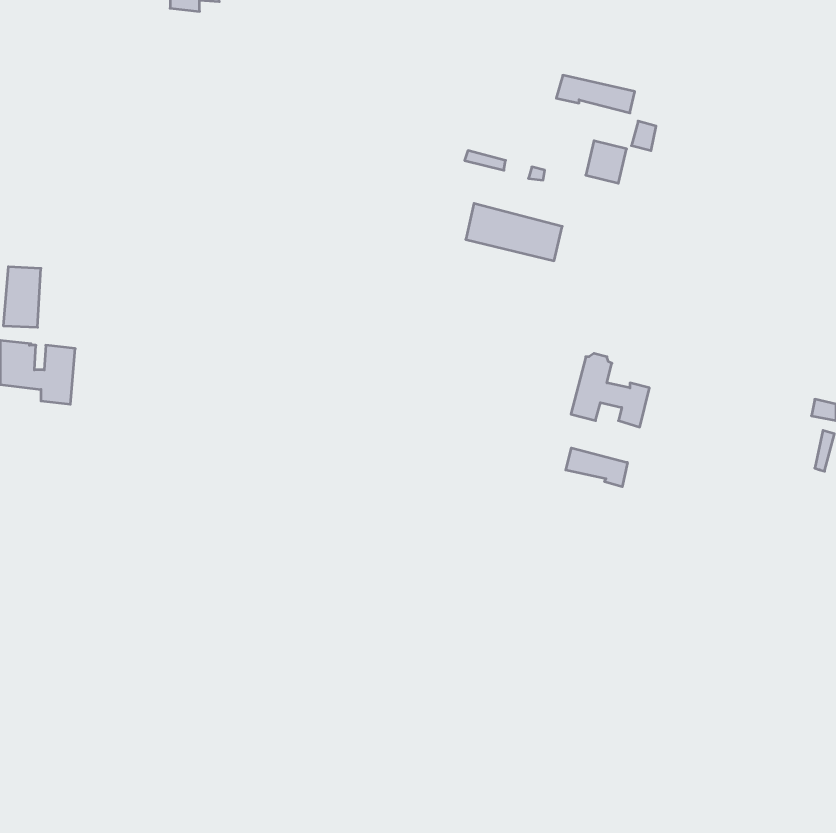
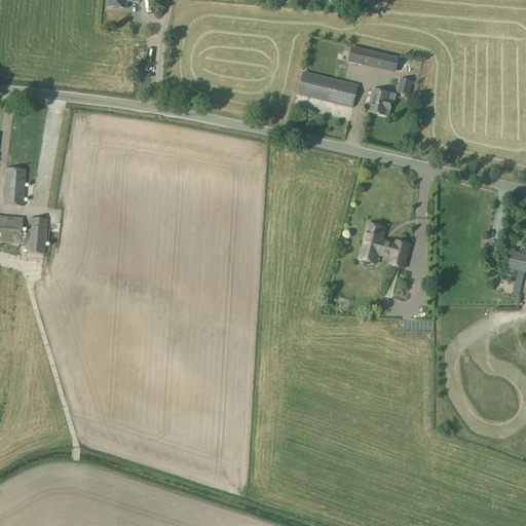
building: [466,203,562,261] -> [298,71,359,107]
building: [566,448,627,487] -> none

